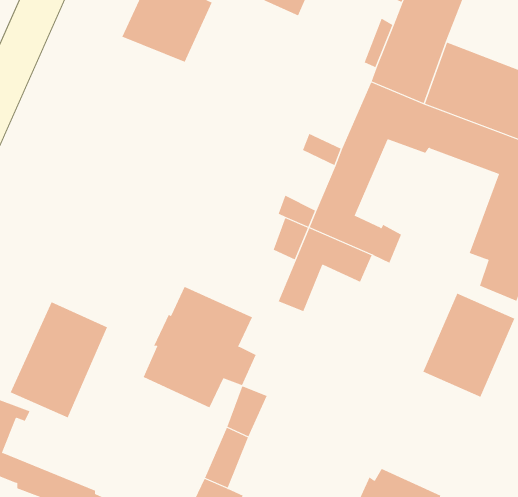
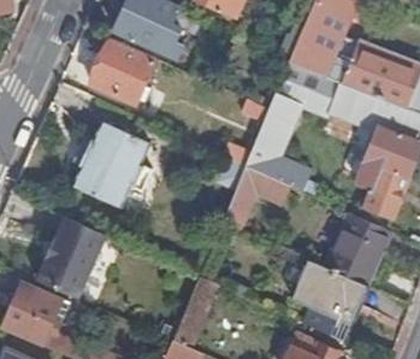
building: none -> [90,39,155,104]
building: [143,286,256,408] -> [72,122,152,207]
building: none -> [290,259,366,340]

